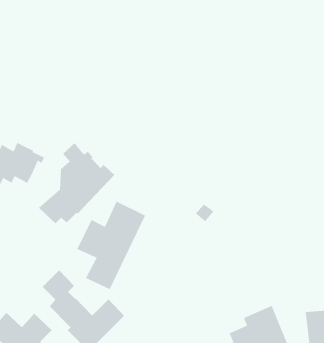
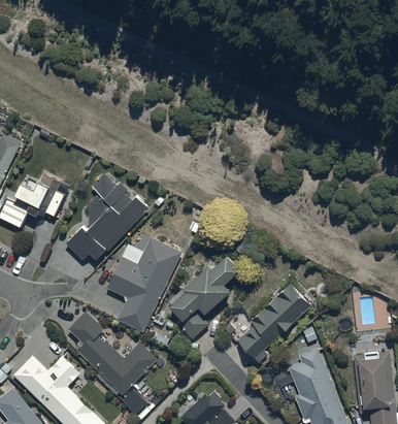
building: none -> [169,258,239,339]
building: none -> [236,284,310,363]

